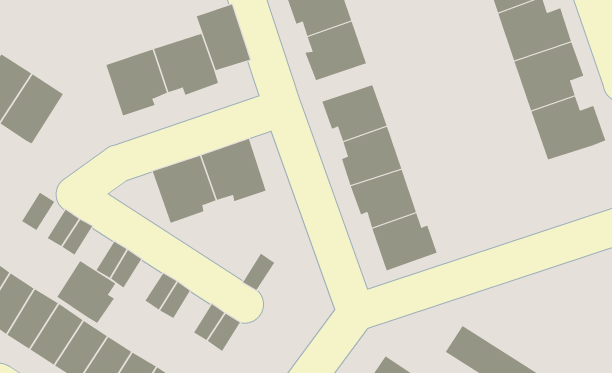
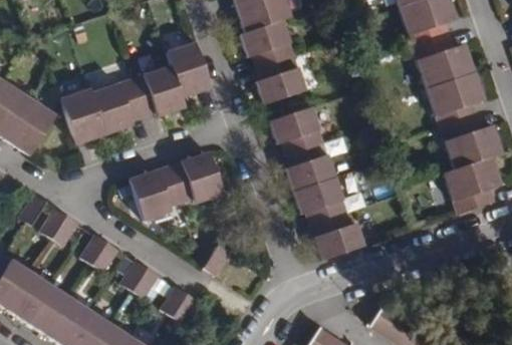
building: none -> [59,86,104,142]
building: none -> [443,156,501,213]
building: [56,260,116,324] -> none

